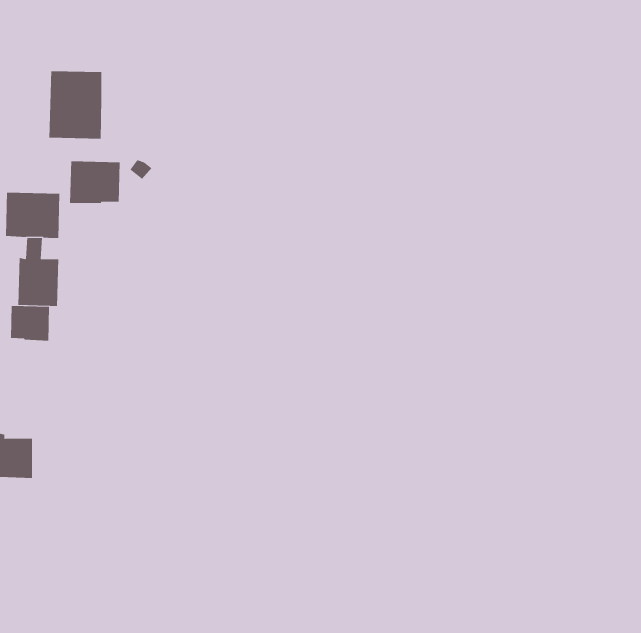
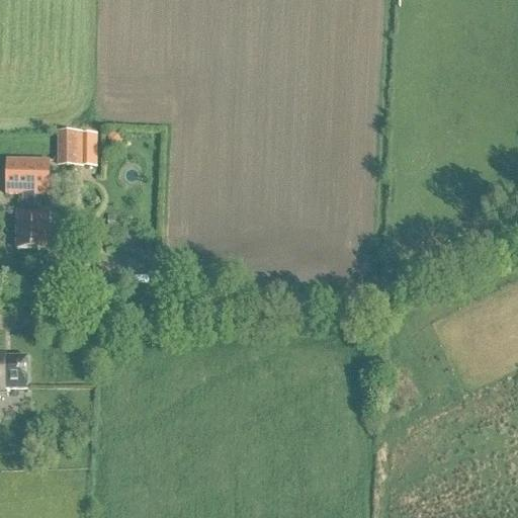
building: [49,70,102,139] -> none
building: [10,305,50,342] -> none

